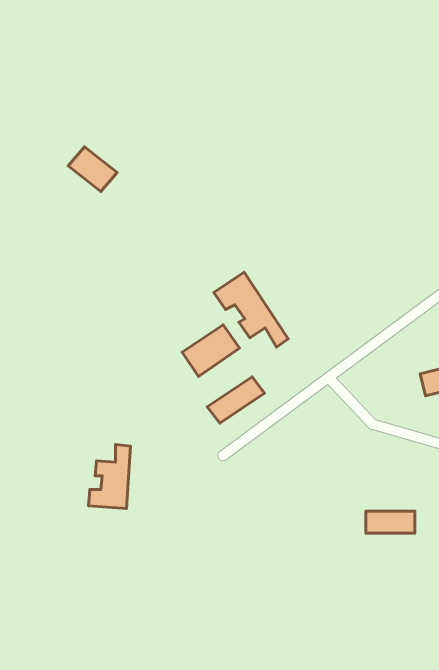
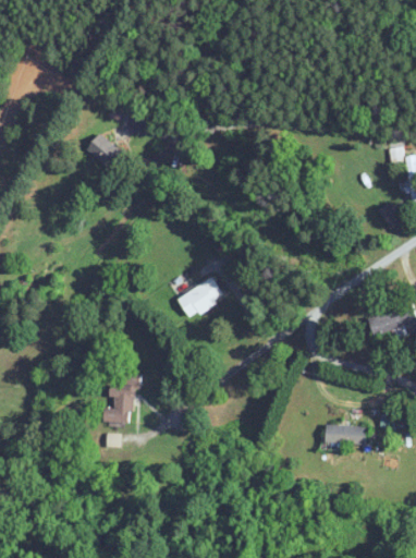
building: [214,272,288,347] -> none
building: [207,377,265,423] -> none

